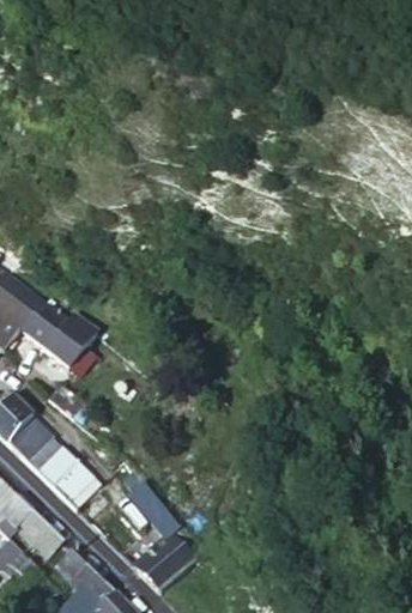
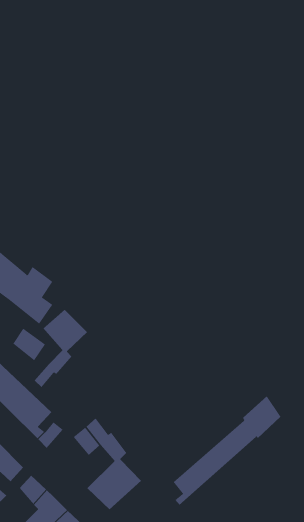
building: none -> [34,309,88,388]
building: none -> [173,395,281,506]

